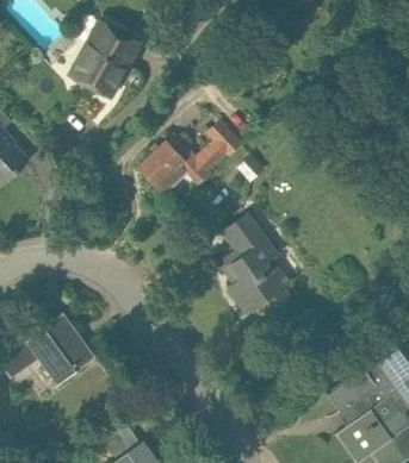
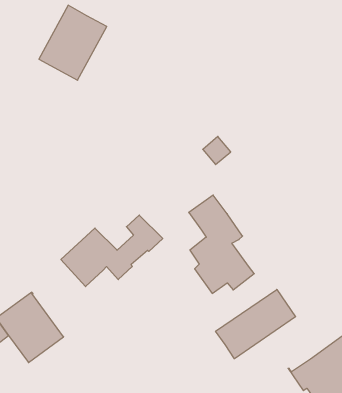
building: [138,121,242,194] -> [61,215,163,287]
building: none -> [216,289,296,359]

